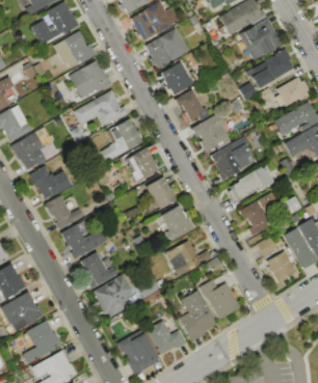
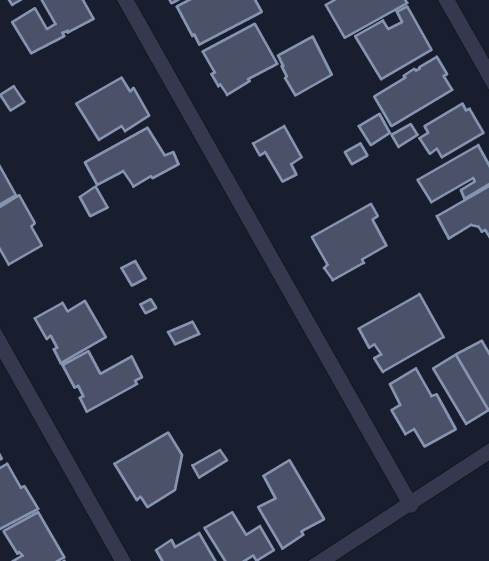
building: [53,29,98,66] -> none
building: [161,61,193,97] -> [278,37,332,95]
building: [191,112,232,153] -> none
building: [101,117,145,162] -> none
building: [126,146,158,184] -> none
building: [228,163,277,203] -> none
building: [29,165,71,200] -> none
building: [144,175,178,209] -> none
building: [157,204,195,242] -> none
building: [164,239,211,277] -> none
building: [80,252,116,290] -> none
building: [198,279,240,320] -> none

